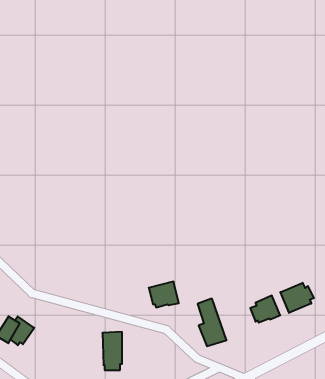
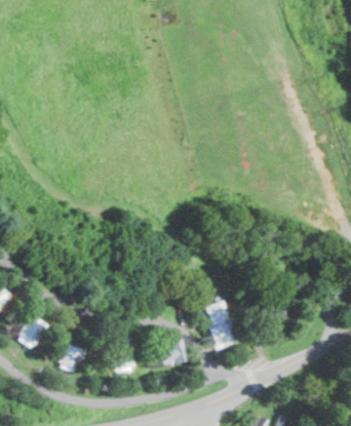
building: [149,282,179,307] -> [158,340,188,365]
building: [280,283,314,313] -> none
building: none -> [59,345,85,373]

